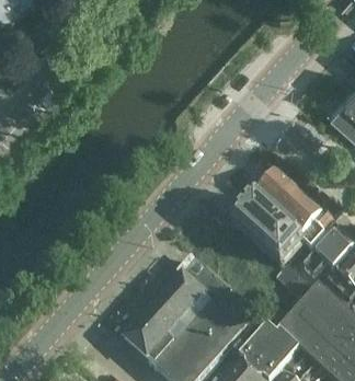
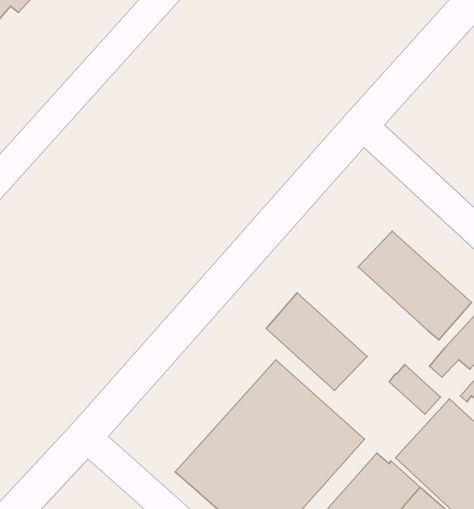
building: [232,199,304,268] -> [266,293,367,391]

